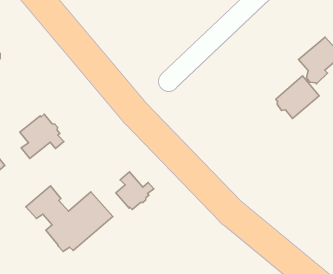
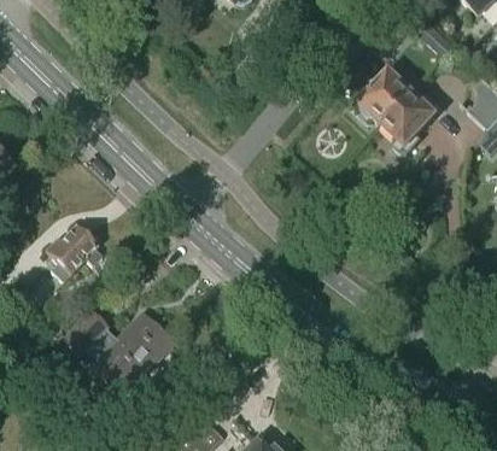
building: [276,76,319,118] -> [359,69,413,123]
building: [116,172,154,210] -> none

